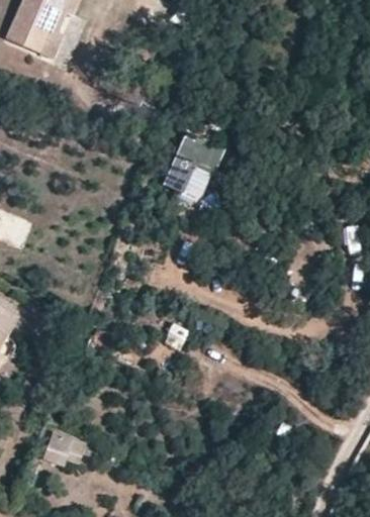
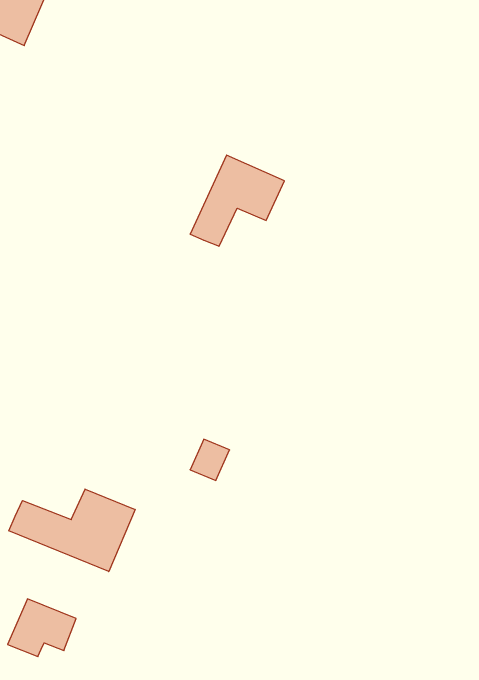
building: none -> [9,489,135,572]

